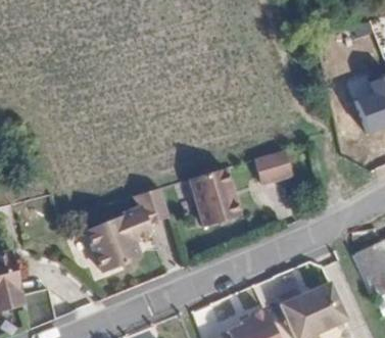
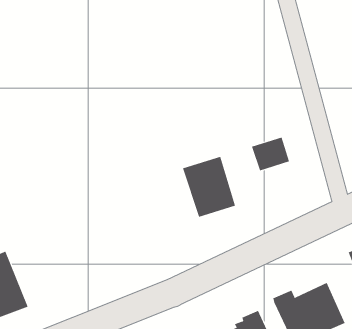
building: [84,187,171,269] -> none

